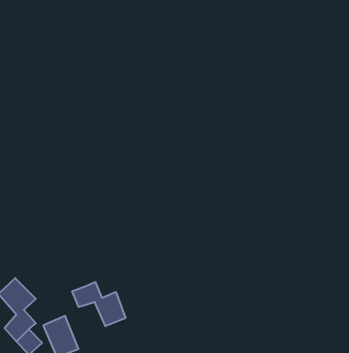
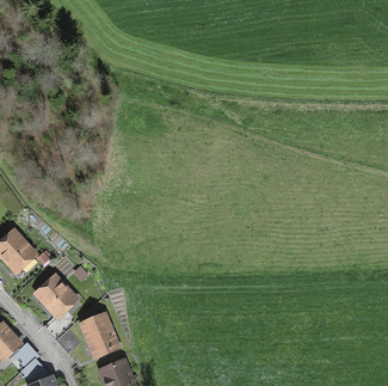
building: [72,282,125,326] -> none

